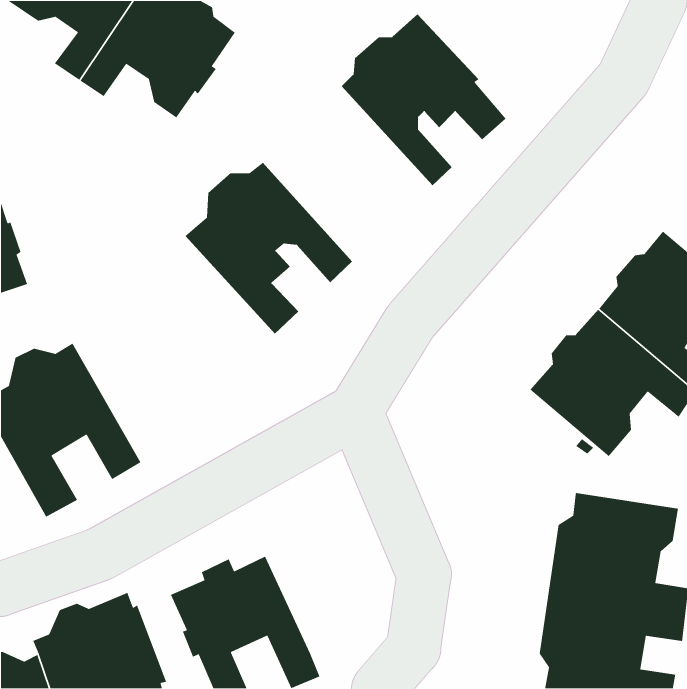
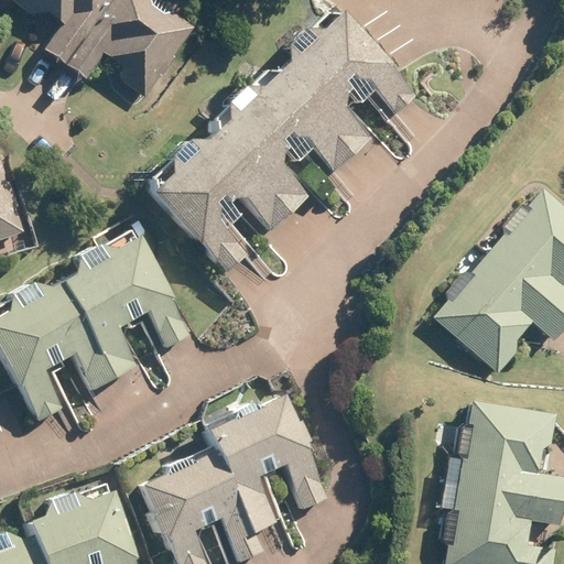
building: none -> [216,70,355,214]
building: none -> [61,237,188,378]
building: none -> [208,397,326,534]

